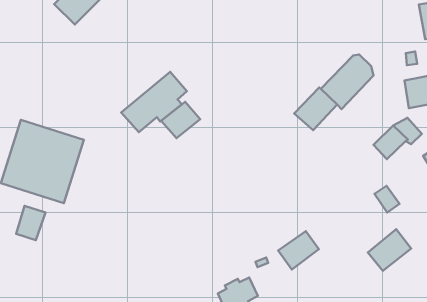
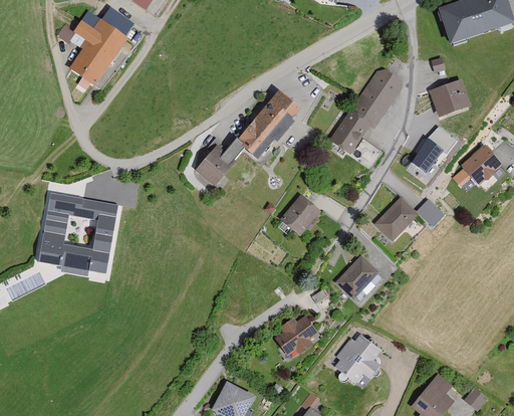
building: [121,72,187,132] -> [231,91,294,158]
building: none -> [276,196,317,238]
building: [16,206,45,240] -> none
building: [368,229,411,271] -> [377,196,421,240]

